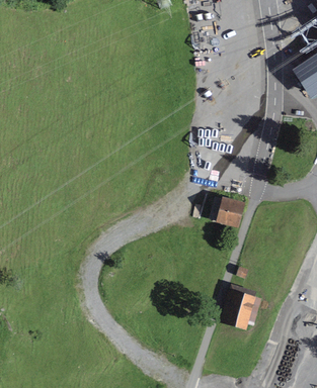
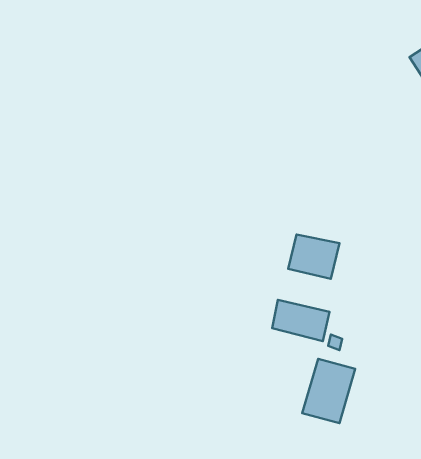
building: none -> [272,300,329,341]

